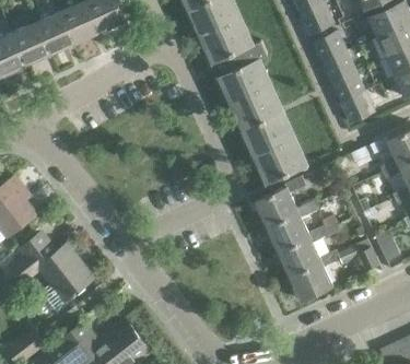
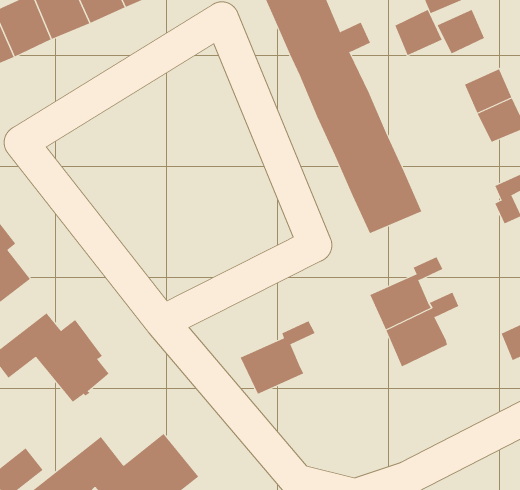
building: [323,51,355,83] -> [394,9,443,56]
building: [255,176,306,226] -> [240,320,315,394]
building: [289,249,339,301] -> none

